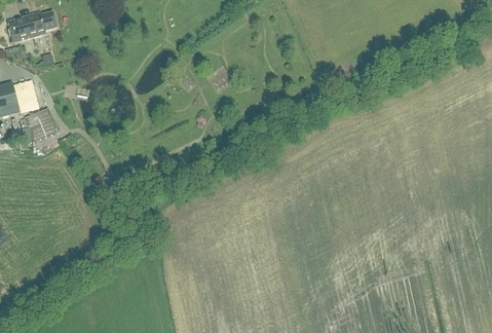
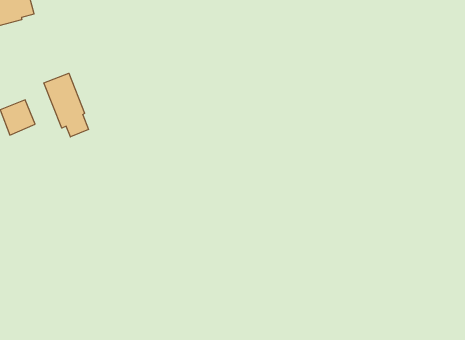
building: none -> [44,73,88,137]

